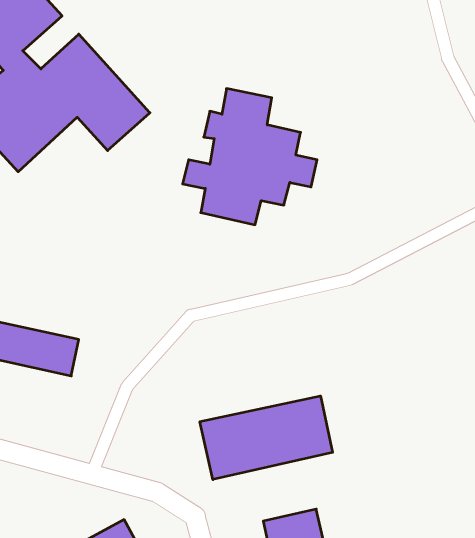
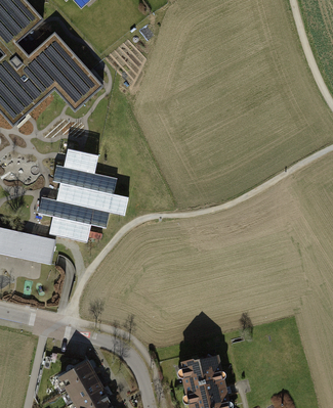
building: [183,89,317,225] -> [37,148,128,240]
building: [200,396,333,480] -> none

